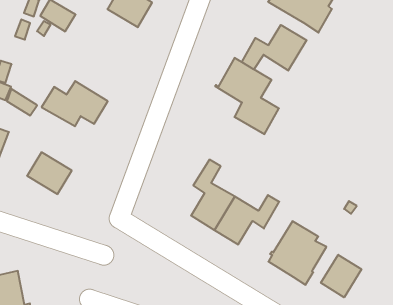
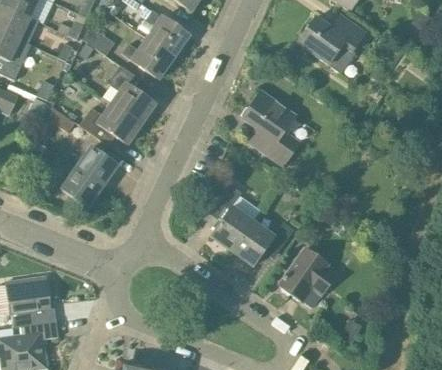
building: none -> [122,38,174,79]
building: [242,25,307,71] -> none
building: none -> [109,65,155,124]
building: none -> [76,146,118,186]
building: [321,255,361,297] -> none

